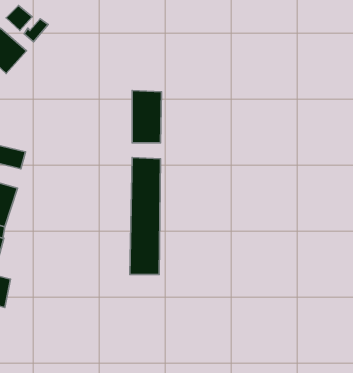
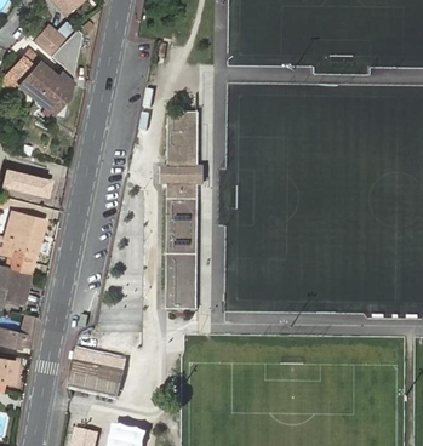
building: none -> [34,72,76,114]
building: none -> [68,351,125,396]

